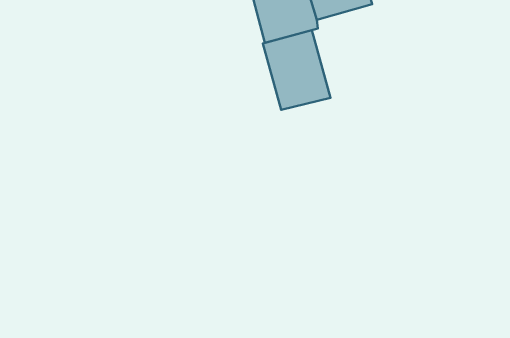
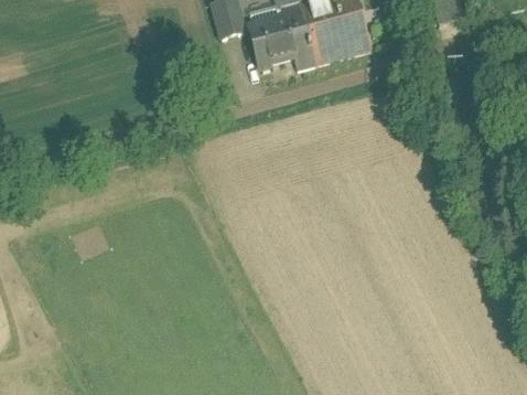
building: [263,30,331,110] -> none

